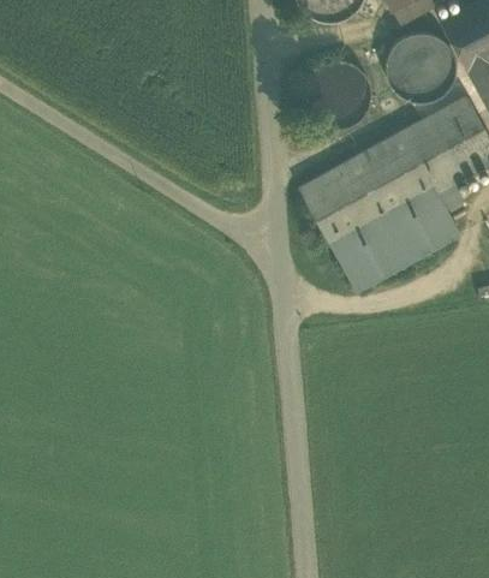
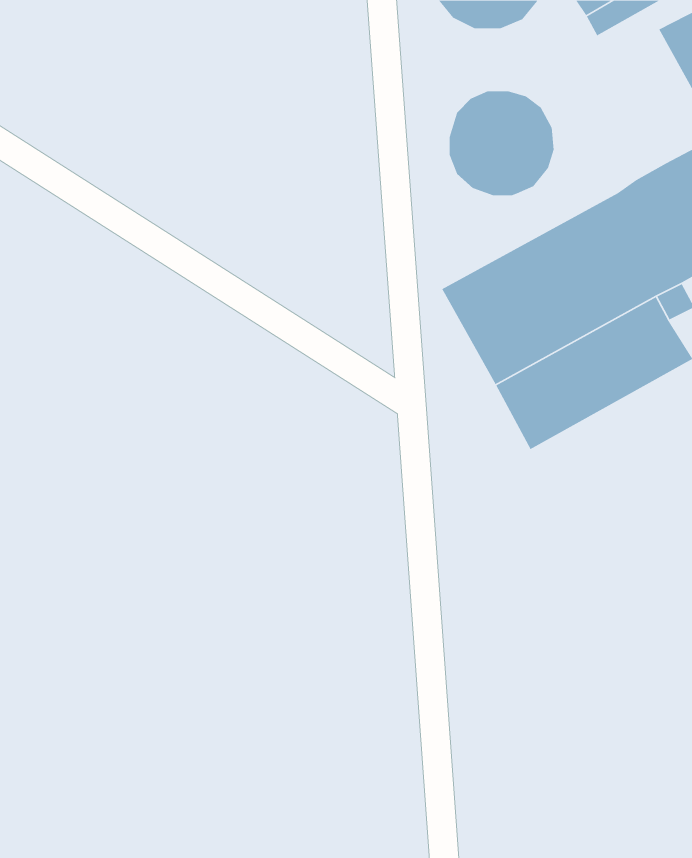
building: [386,31,454,100] -> none

